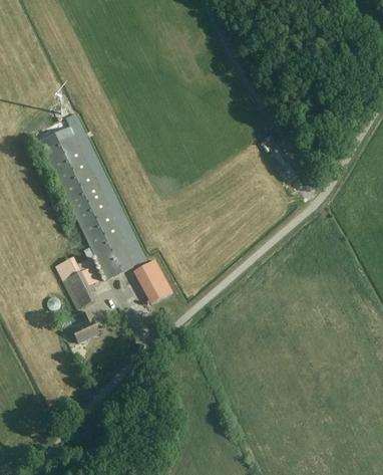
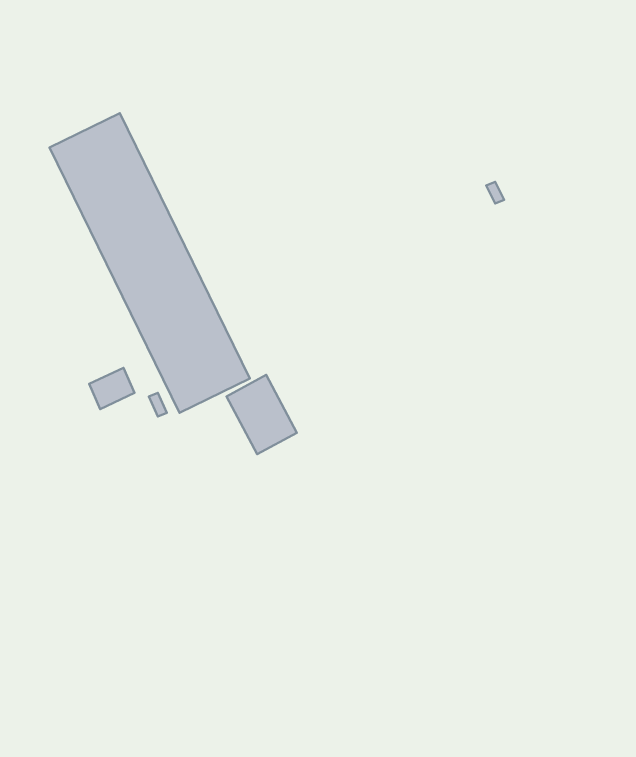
building: [67,272,97,308] -> none
building: [73,312,100,343] -> none

